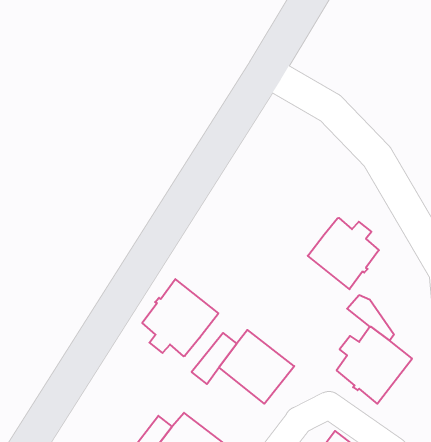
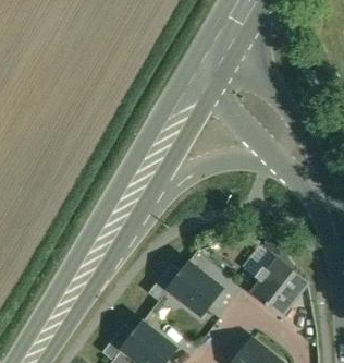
building: [308,218,379,289] -> none
building: [142,279,218,356] -> none

